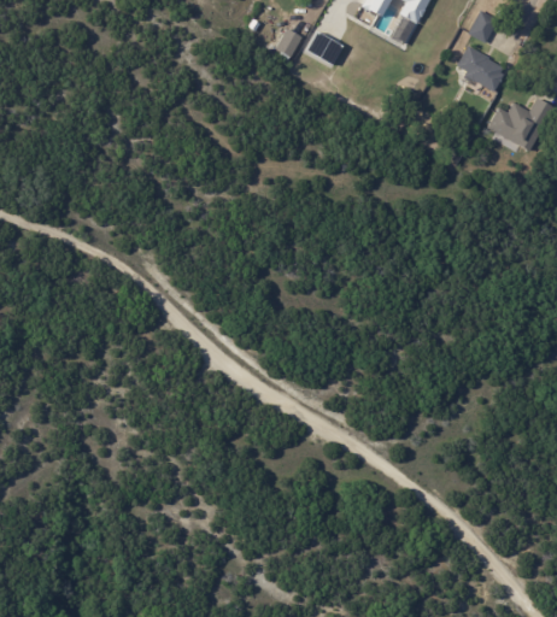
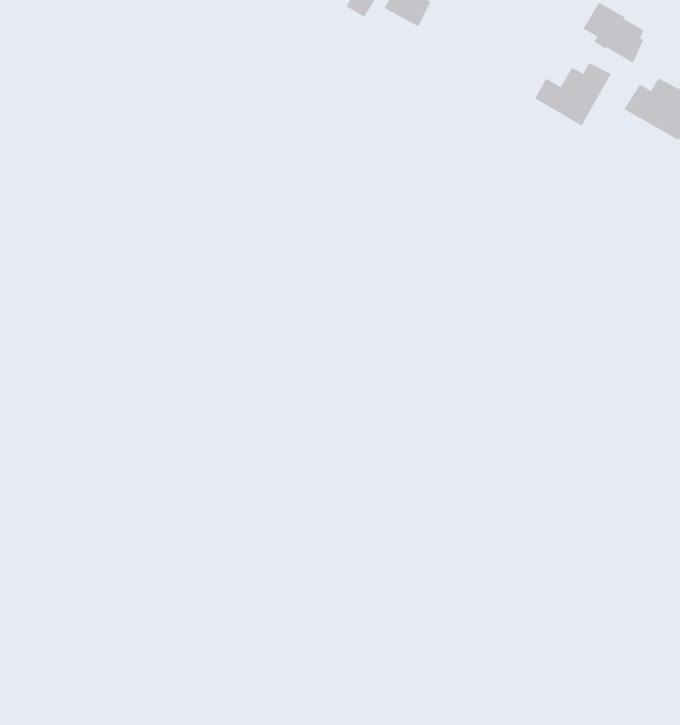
building: none -> [534,62,611,126]

